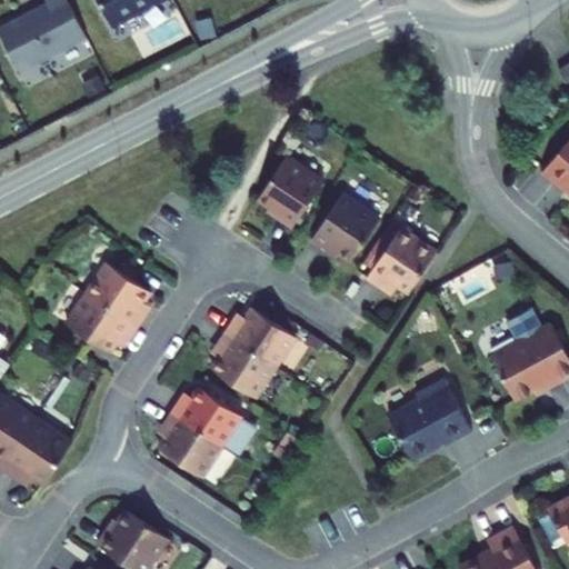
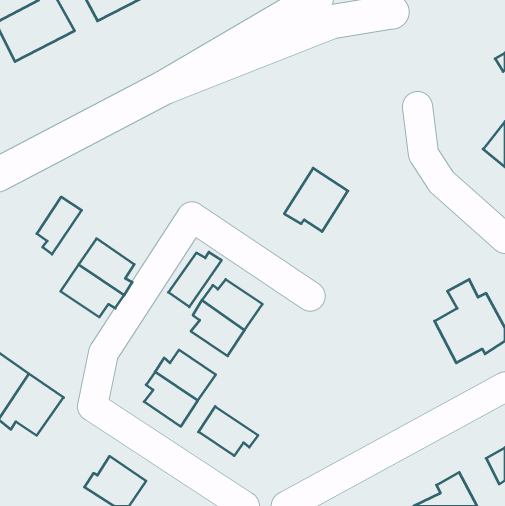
building: [266,152,330,223] -> none
building: none -> [37,197,82,254]
building: [372,221,442,288] -> none
building: none -> [168,252,221,307]
building: [379,378,465,457] -> none
building: none -> [198,406,258,456]

